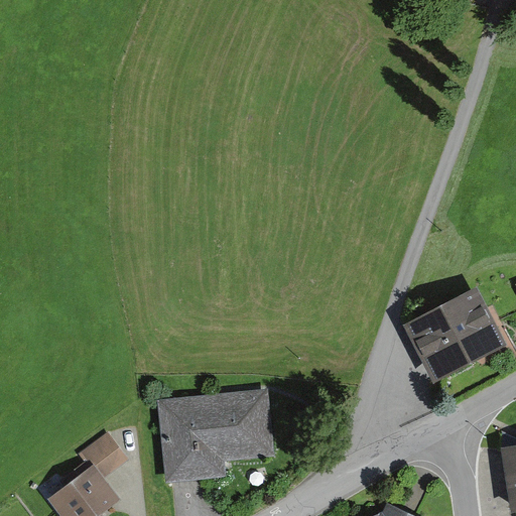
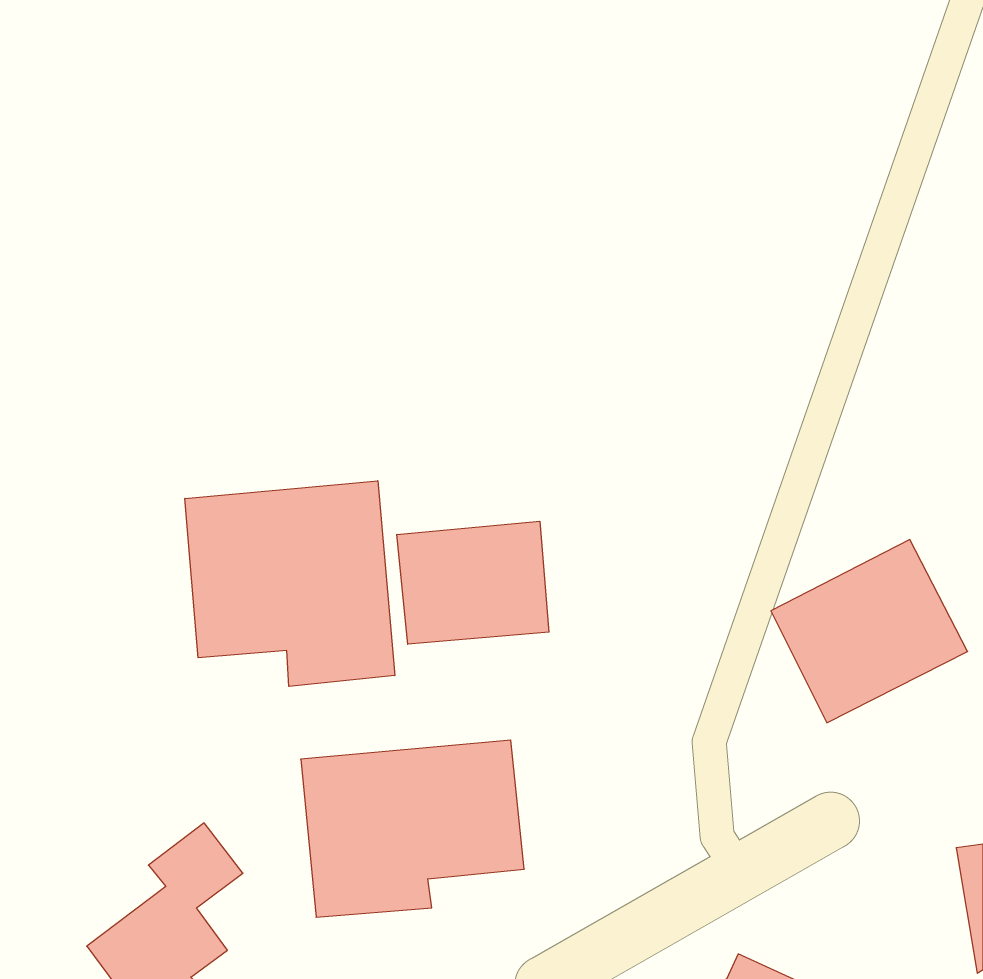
building: none -> [185,481,395,686]
building: none -> [397,521,549,644]

